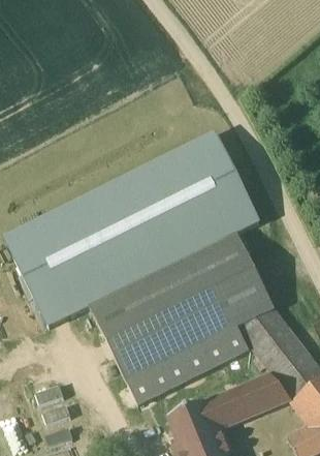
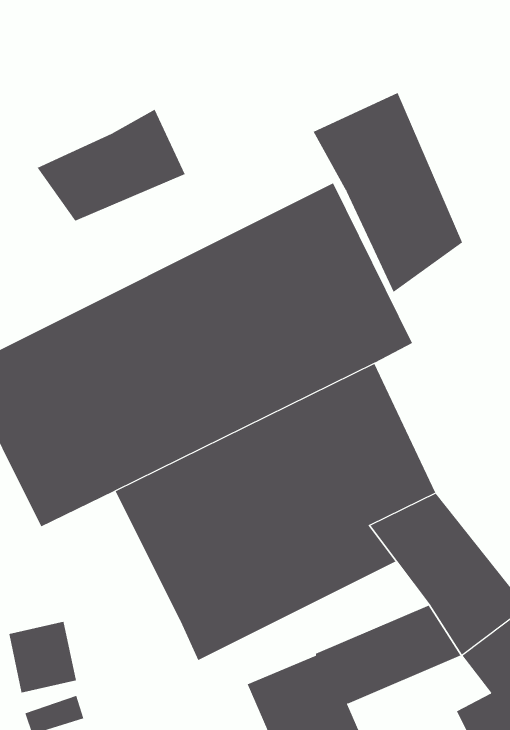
building: none -> [313,92,463,293]
building: none -> [37,109,185,222]

